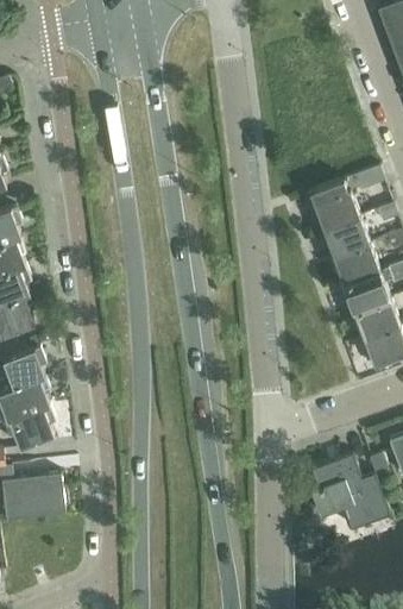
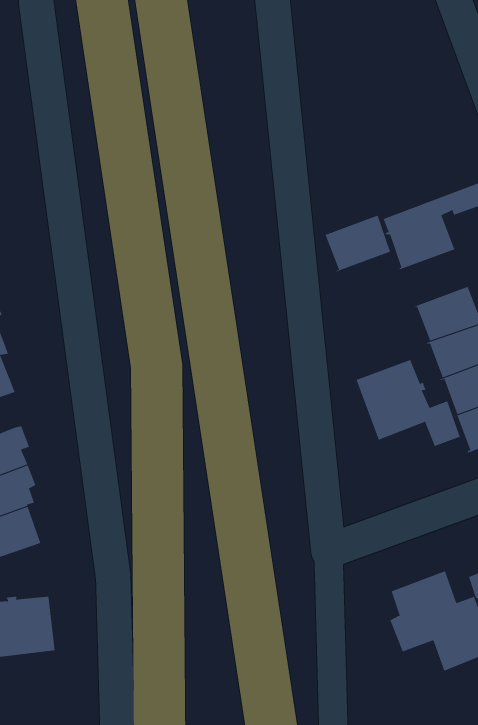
building: [319,216,370,259] -> [322,215,391,273]
building: none -> [356,359,460,447]

